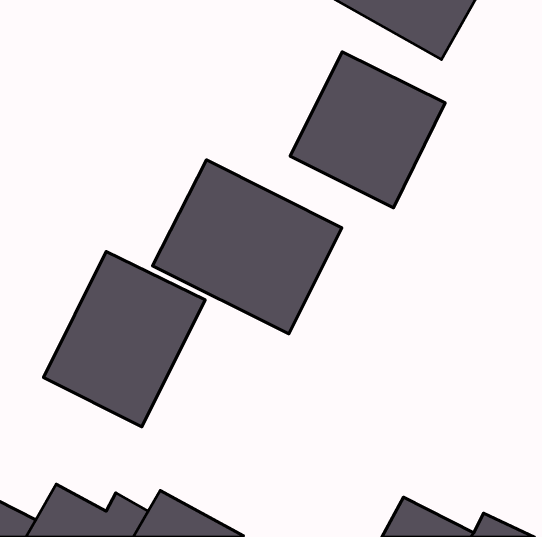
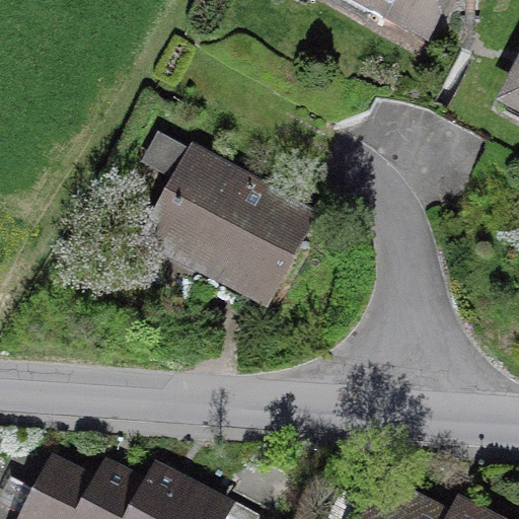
building: [290,52,445,208] -> none
building: [43,251,205,427] -> none

